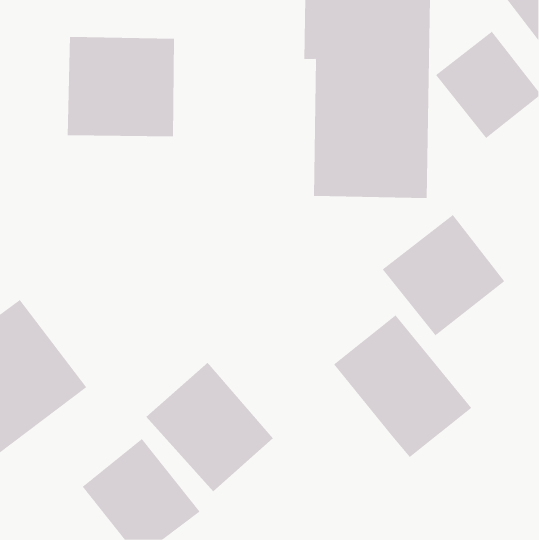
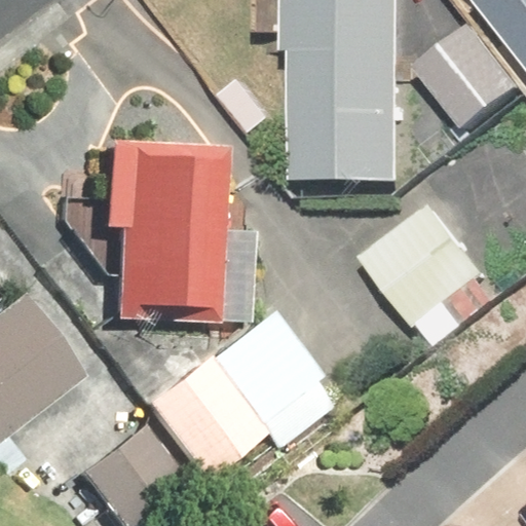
building: [67,36,175,137] -> none
building: none -> [103,149,214,316]
building: [333,315,472,458] -> [209,306,343,445]

